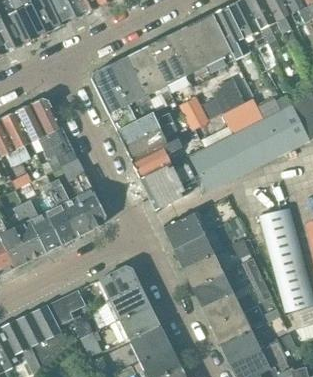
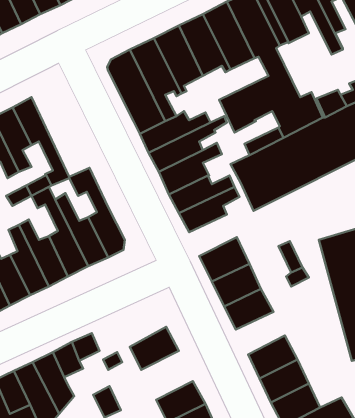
building: [31,97,70,165] -> none
building: [99,265,138,300] -> none
building: [193,272,232,306] -> none
building: [118,303,157,337] -> none

